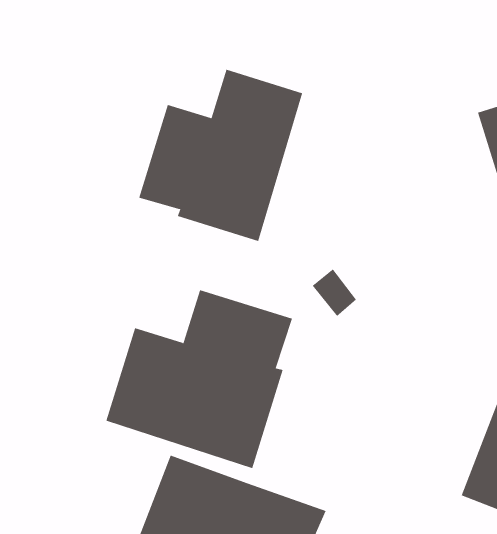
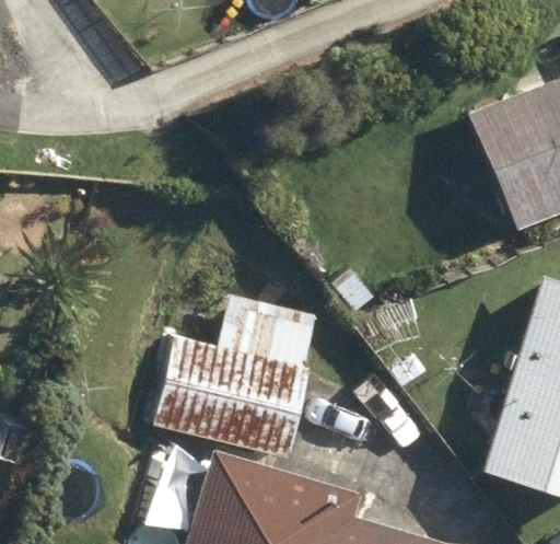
building: [138,69,303,242] -> none

